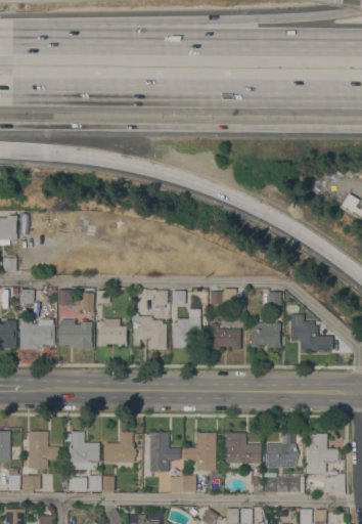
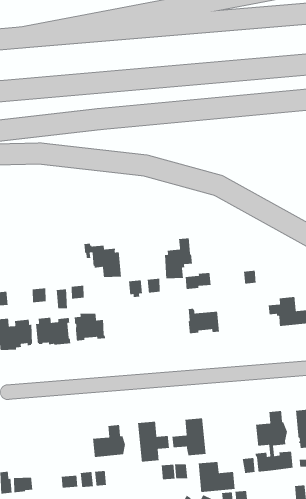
building: [173,308,201,348] -> [164,238,193,279]
building: [132,313,167,350] -> [84,243,122,278]
building: [251,322,281,348] -> none
building: [29,431,59,470] -> none
building: [67,431,100,470] -> none
building: [226,433,261,463] -> [198,461,235,493]

